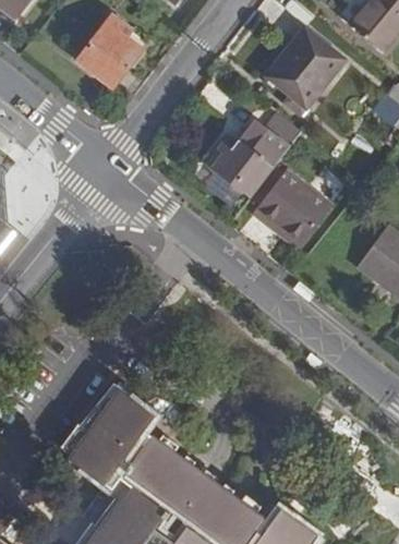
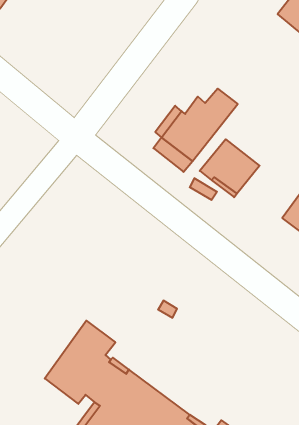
building: [75,13,141,87] -> none
building: [264,27,344,118] -> none

